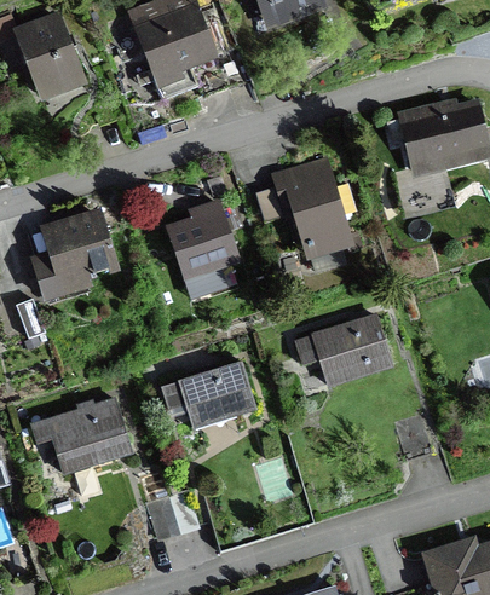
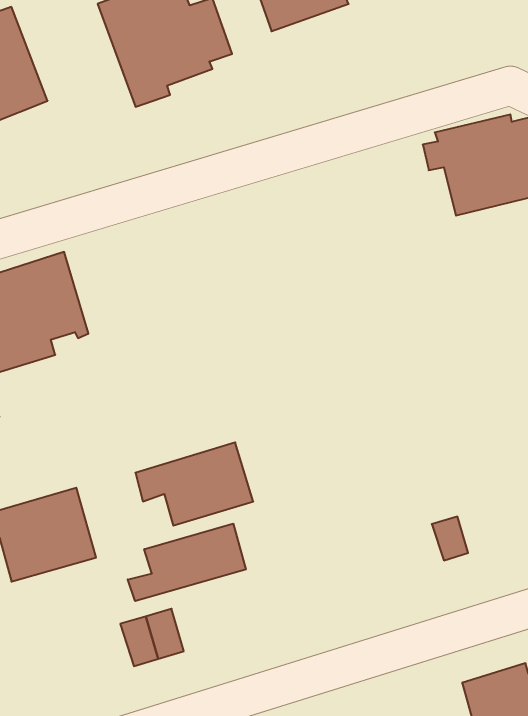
building: [255,156,363,275] -> none
building: [166,175,243,285] -> none
building: [294,314,394,391] -> none
building: none -> [128,524,246,601]

